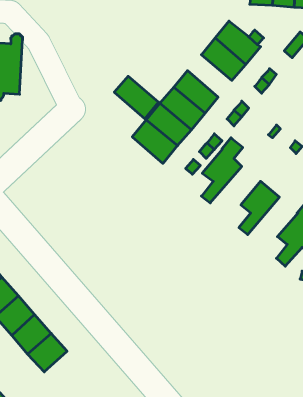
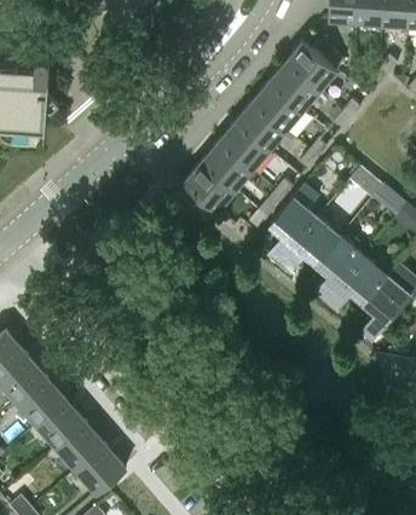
building: [114,76,159,119] -> [250,82,305,134]
building: none -> [278,219,340,274]
building: none -> [324,256,386,312]
building: none -> [75,445,123,493]

